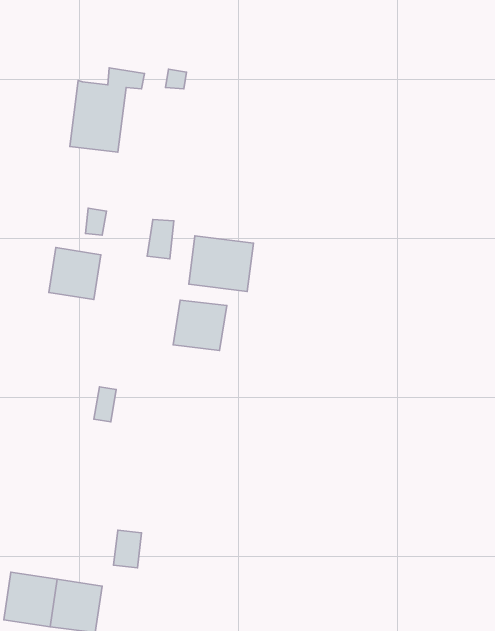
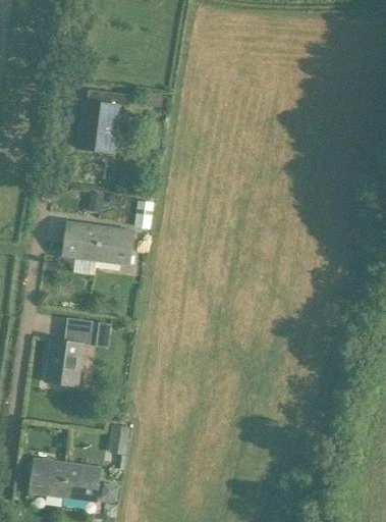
building: [189,236,253,292] -> none
building: [173,300,227,351] -> [95,226,133,263]
building: none -> [45,331,91,386]

